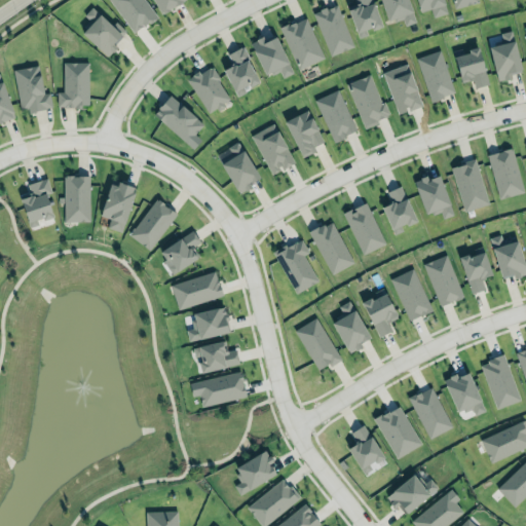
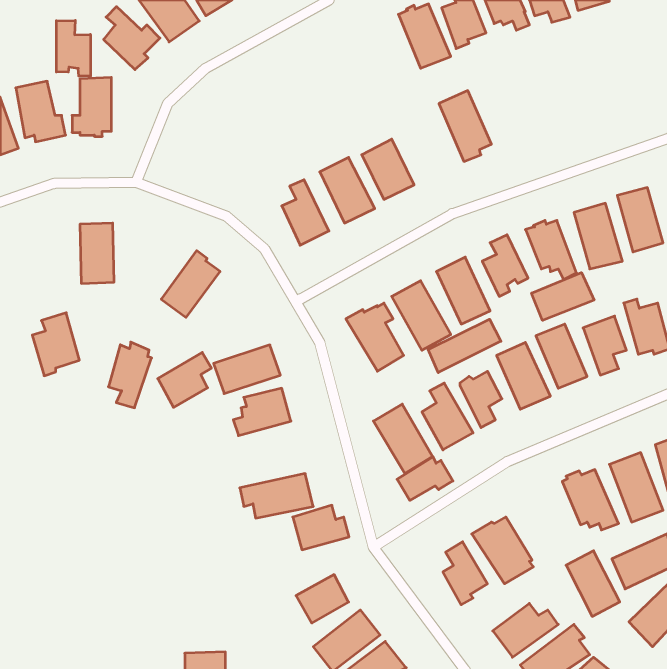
building: none -> [56,20,91,76]
building: [283,17,325,70] -> none
building: [488,31,521,79] -> none
building: [252,35,294,76] -> none
building: [455,46,489,89] -> none
building: [226,47,260,95] -> none
building: [418,49,456,101] -> none
building: [383,65,423,115] -> none
building: [188,66,232,115] -> none
building: [315,88,356,143] -> none
building: [154,93,204,142] -> none
building: [21,179,58,228] -> [32,313,79,376]
building: [102,180,136,231] -> [108,342,152,408]
building: none -> [532,273,594,320]
building: [160,231,202,274] -> [158,352,211,407]
building: none -> [428,319,501,373]
building: [194,339,238,374] -> [293,505,349,550]
building: none -> [397,457,453,500]
building: [409,386,451,438] -> [566,551,620,616]

